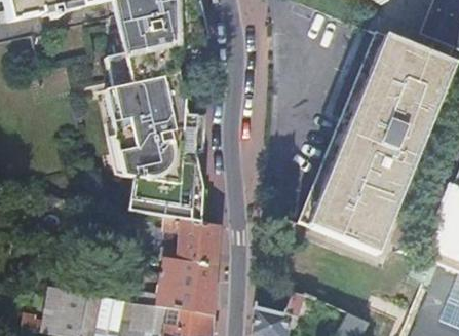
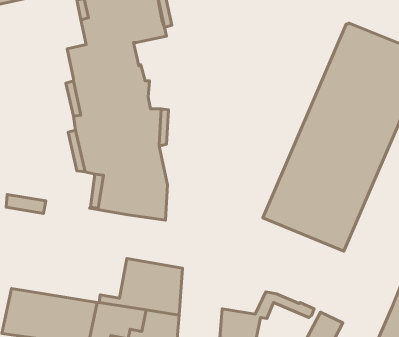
building: [161,217,221,268] -> none

